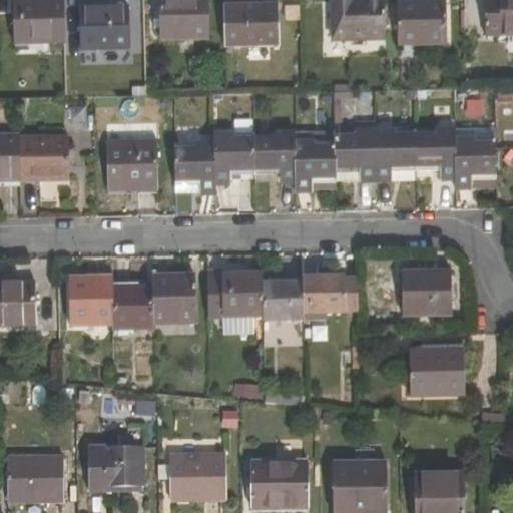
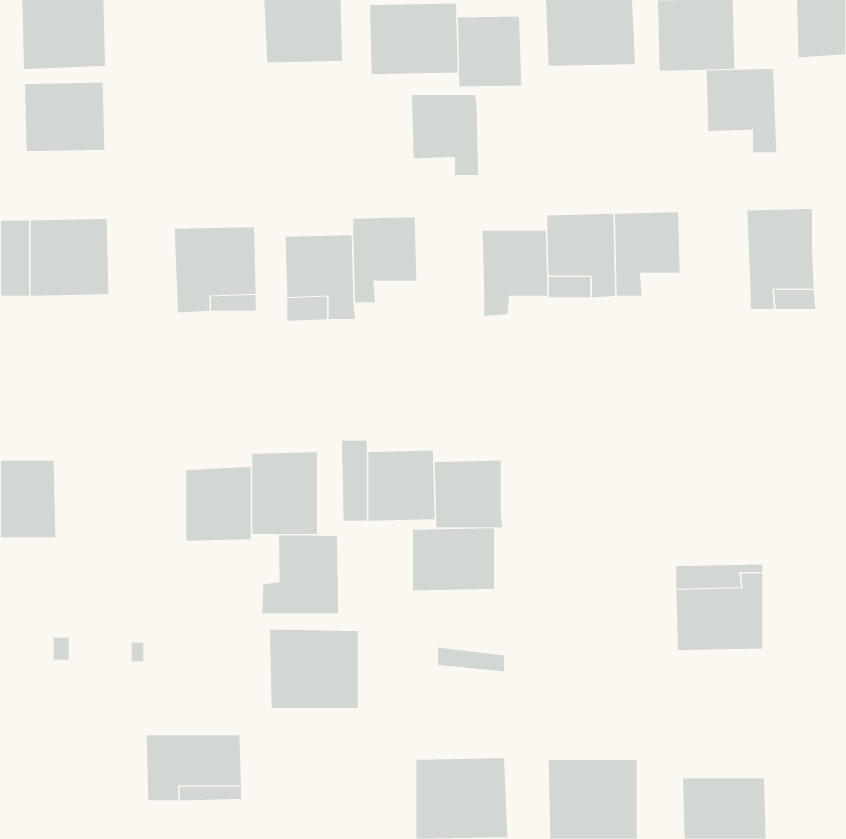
building: [79,6,128,48] -> [24,82,105,152]
building: none -> [458,16,522,87]
building: [411,127,454,178] -> [706,69,777,153]
building: [251,131,293,180] -> [411,94,479,175]
building: [401,273,449,313] -> none
building: [304,274,354,312] -> [412,528,495,591]
building: [69,276,112,325] -> none
building: none -> [262,535,339,614]
building: [170,451,224,499] -> [269,629,359,709]
building: [8,454,63,501] -> none

